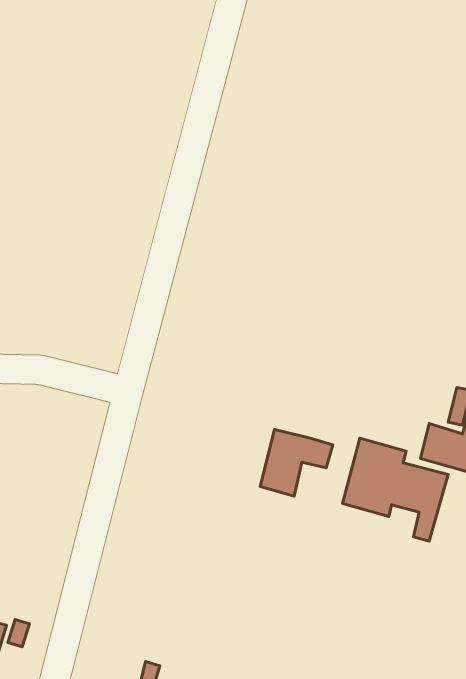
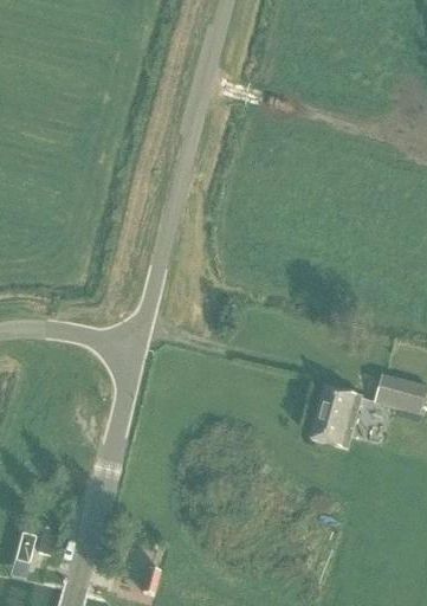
building: [260,430,333,496] -> none

